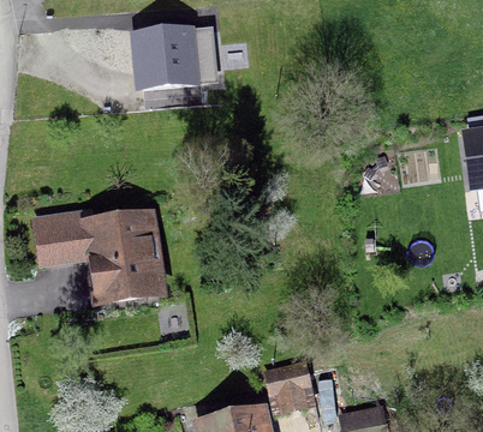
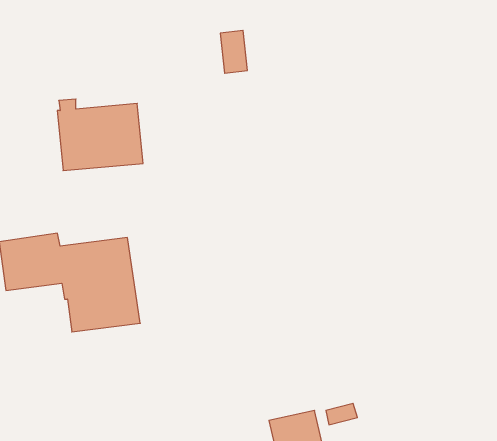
building: [136,26,208,86] -> [57,99,143,171]

